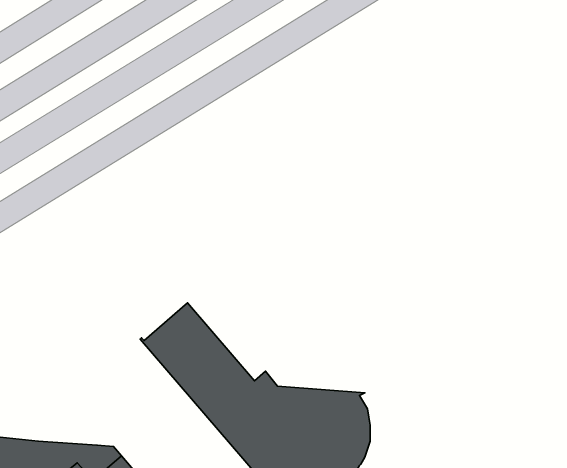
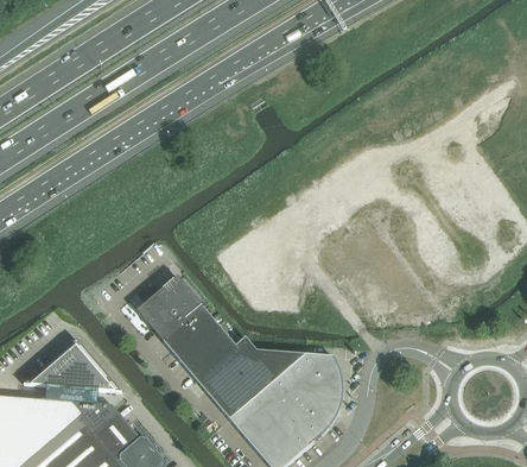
building: none -> [25,340,122,404]

